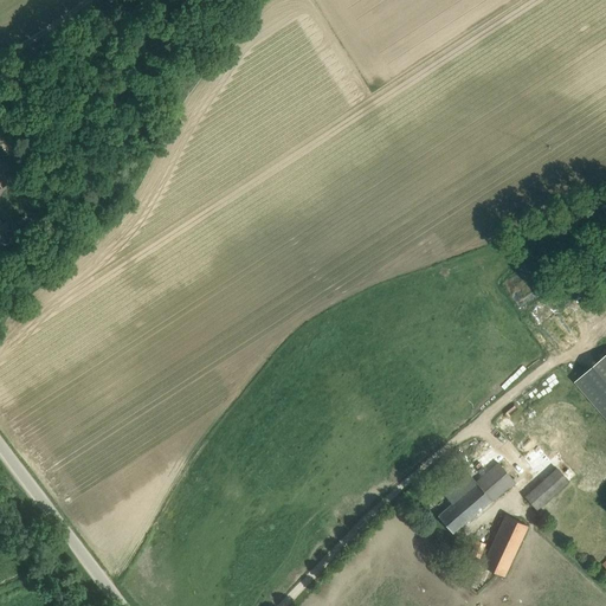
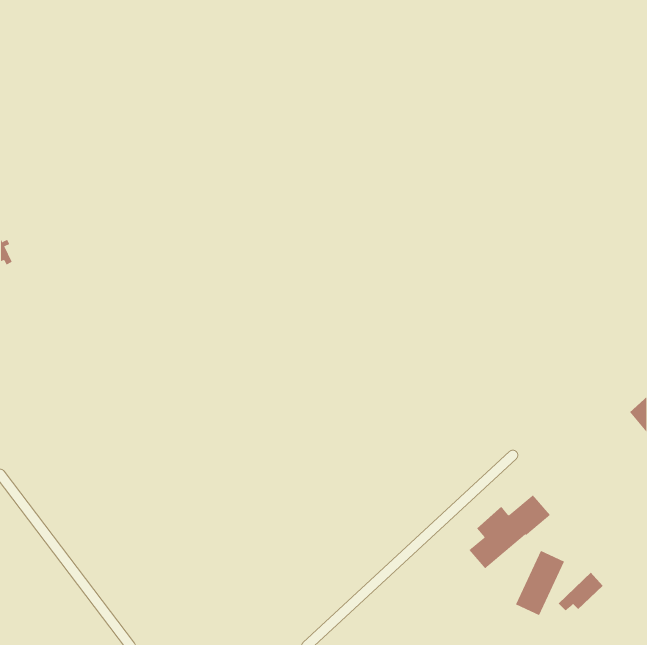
building: [523,468,566,504] -> [558,572,604,611]

